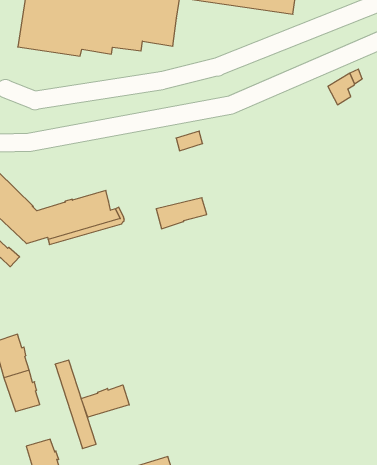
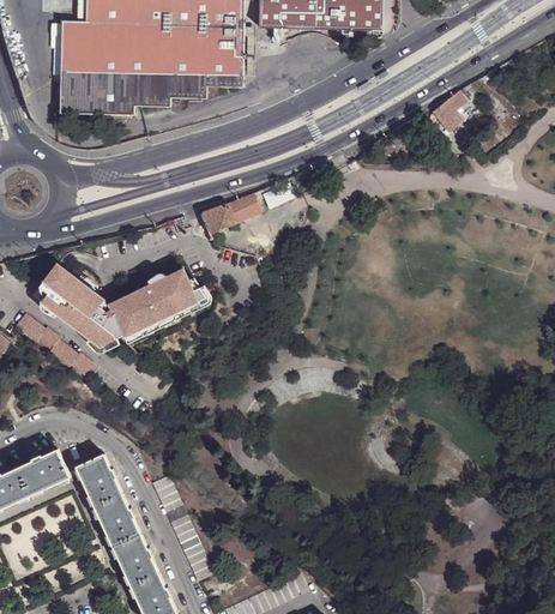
building: [156,198,207,229] -> [200,192,261,235]
building: [81,385,129,417] -> none
building: none -> [111,534,157,585]

